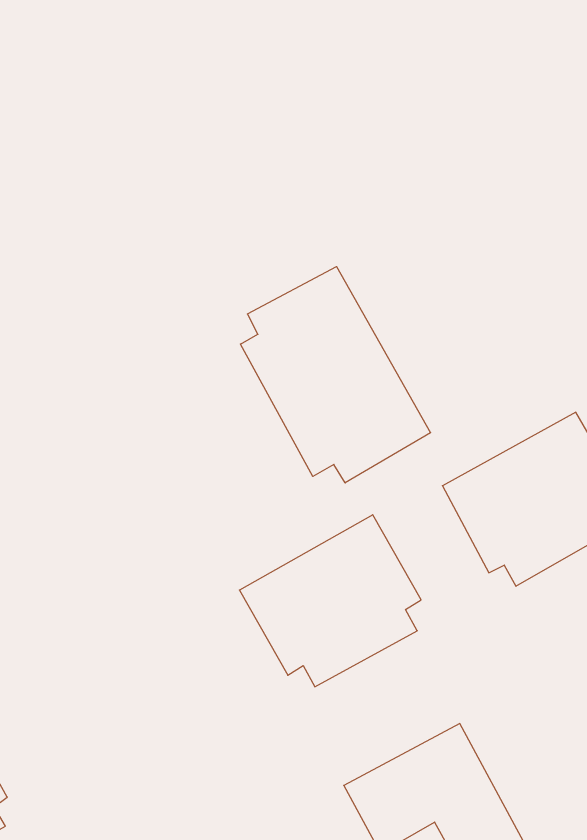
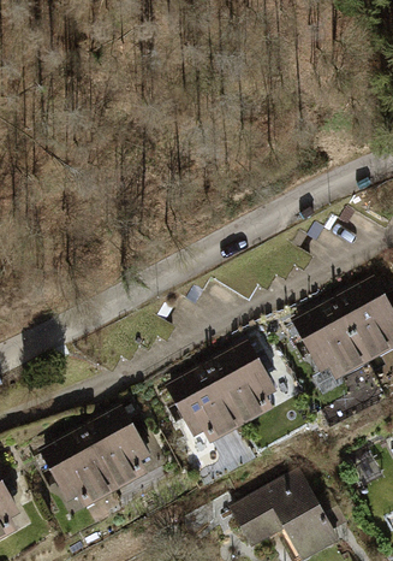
building: [240,267,431,483] -> none
building: none -> [37,403,149,509]

